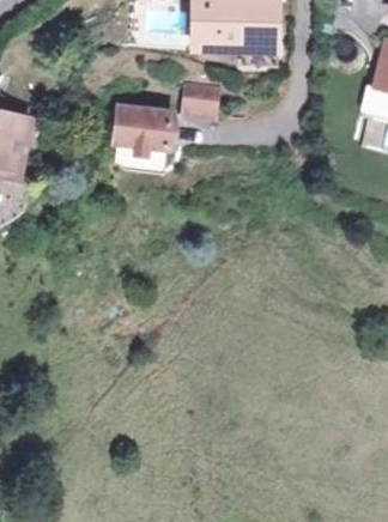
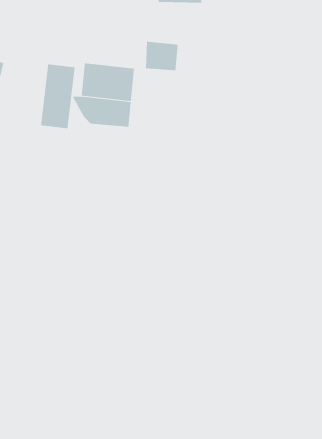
building: none -> [41,63,75,129]

